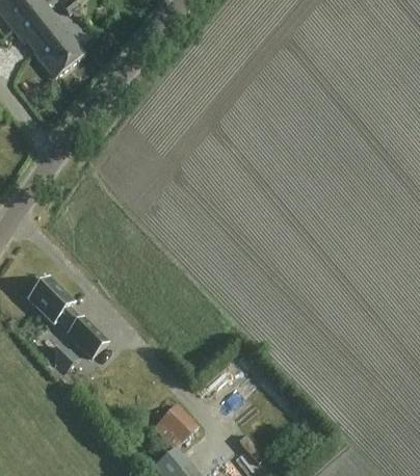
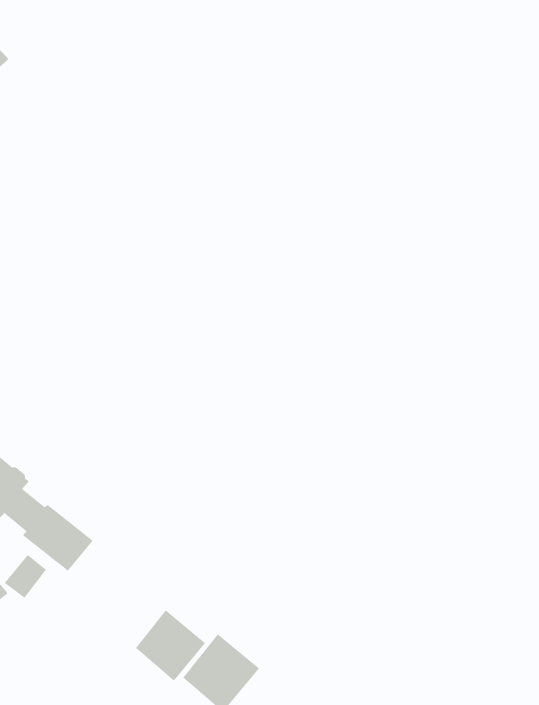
building: none -> [135,609,206,681]

